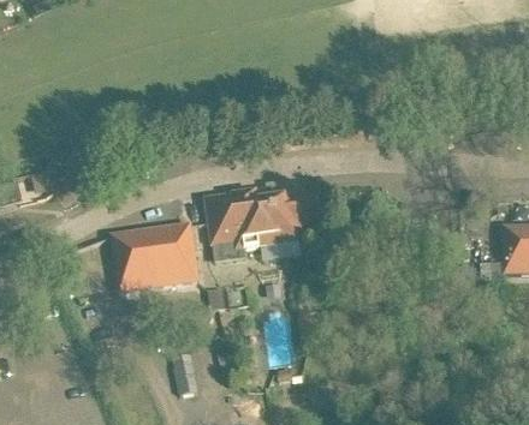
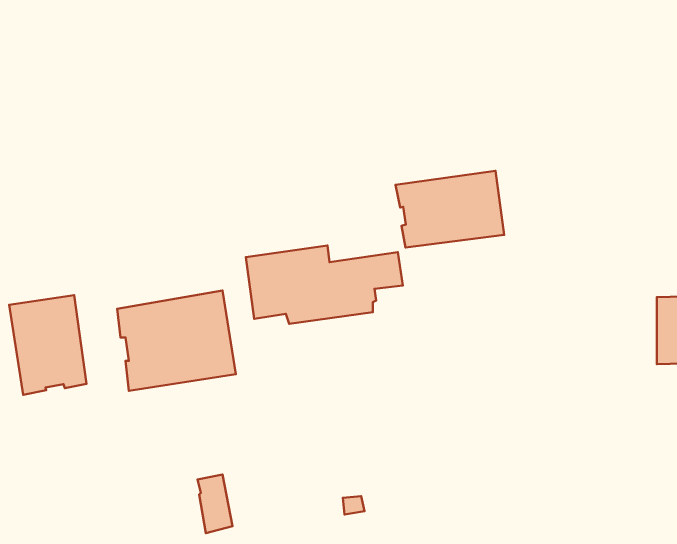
building: none -> [396,171,504,247]
building: none -> [9,295,87,395]

